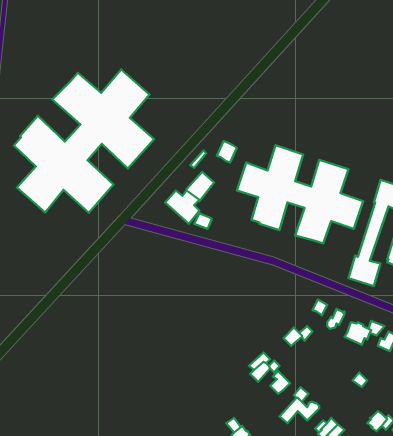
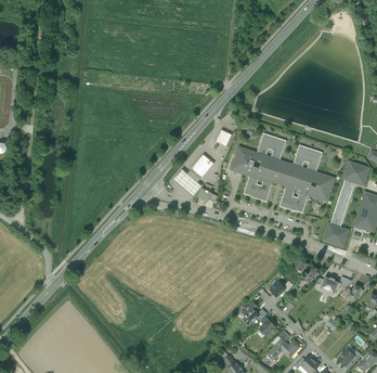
building: [14,69,154,213] -> none

